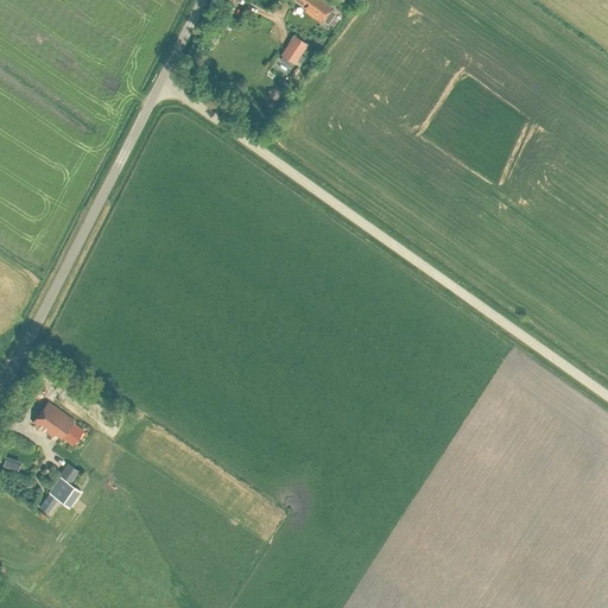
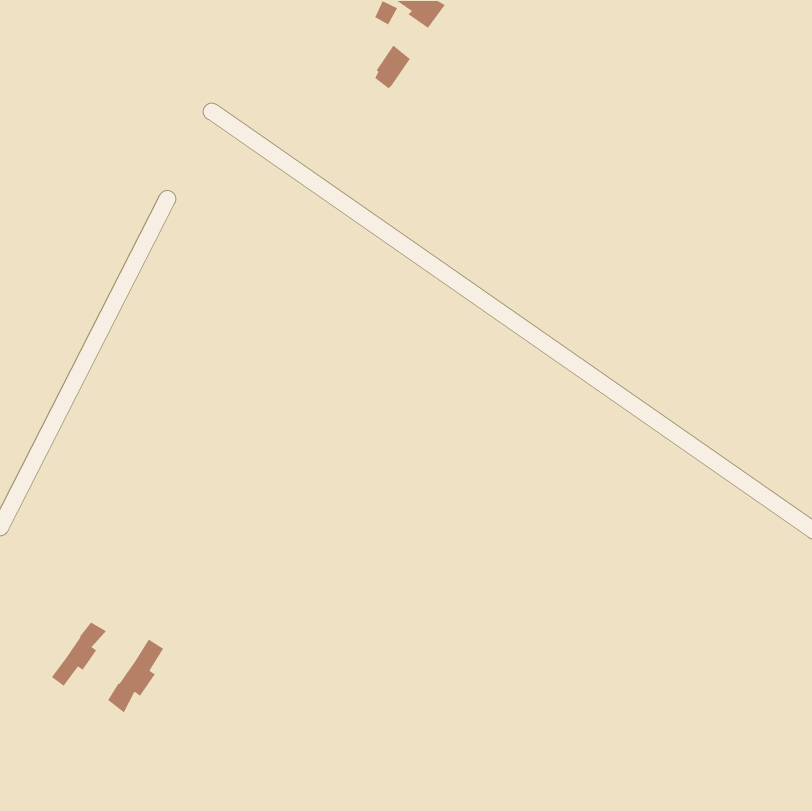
building: [33,403,84,445] -> none
building: none -> [107,638,164,714]

